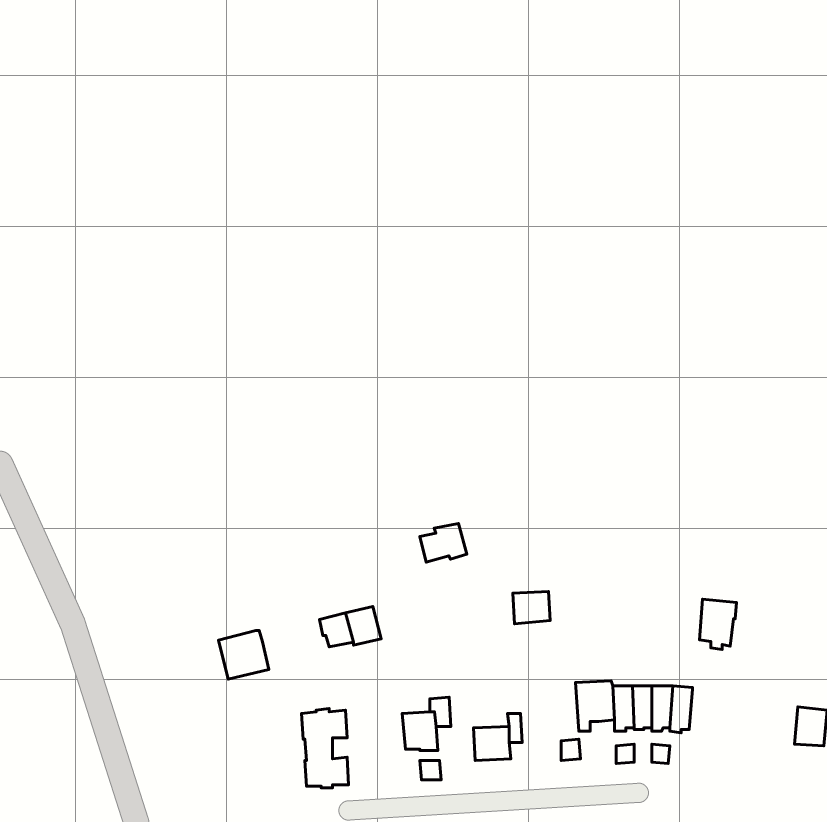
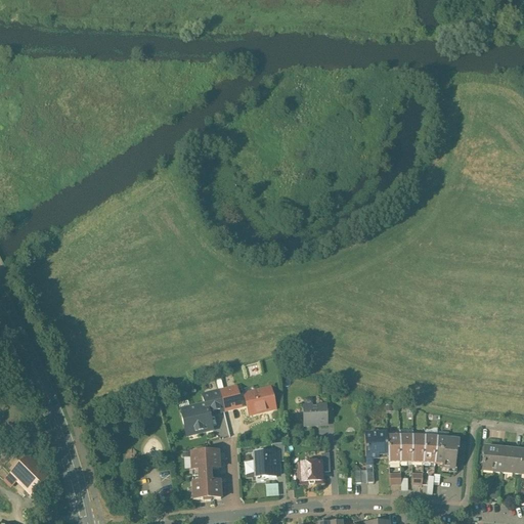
building: [420,523,467,562] -> [246,386,275,410]
building: [513,591,550,624] -> [304,402,328,423]
building: [699,599,737,650] -> [436,435,460,467]
building: [219,630,269,679] -> [181,401,213,432]
building: none -> [482,444,505,470]
building: none -> [11,454,53,494]

